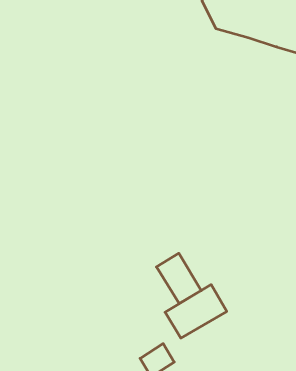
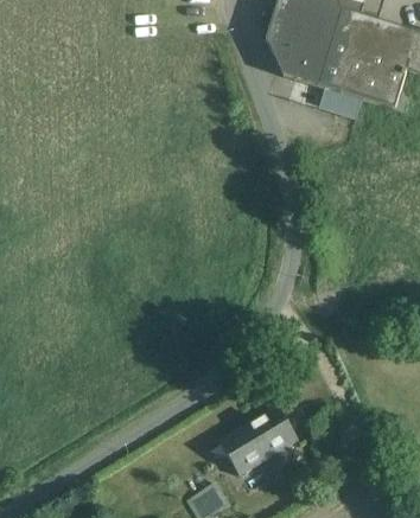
building: none -> [319,88,362,119]
building: [156,253,201,304] -> none

